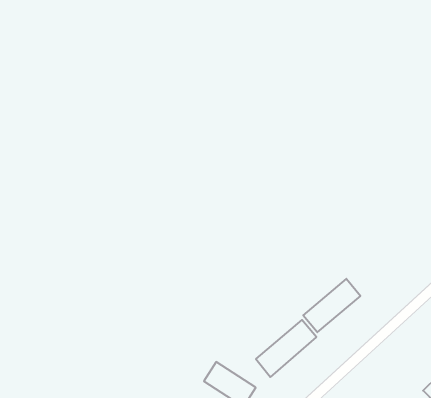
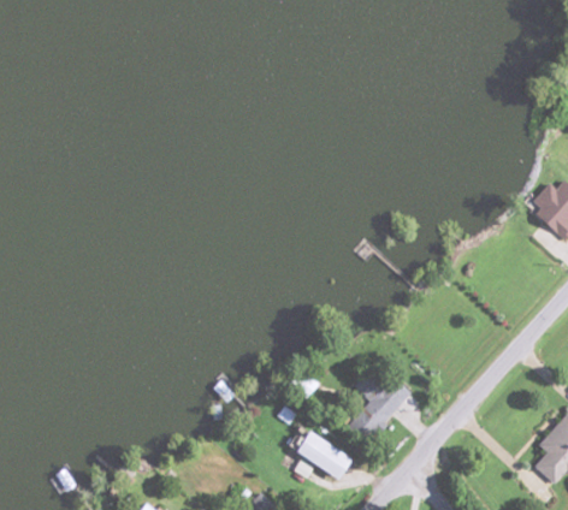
building: [303,279,360,332] -> none

